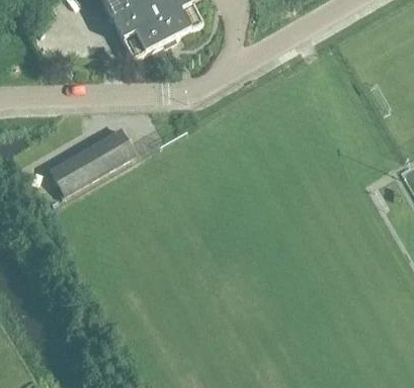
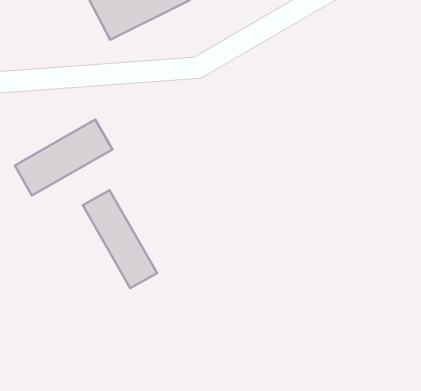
building: none -> [83,190,157,288]

